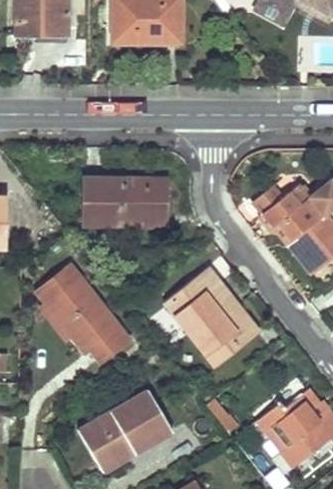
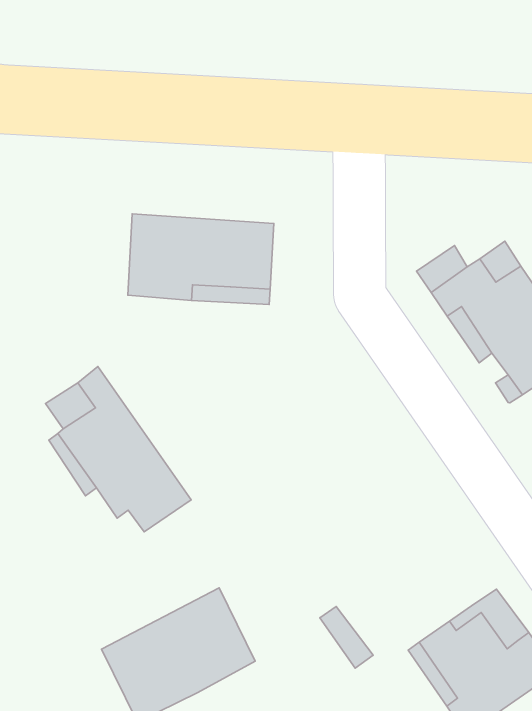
building: [164,267,260,366] -> none

